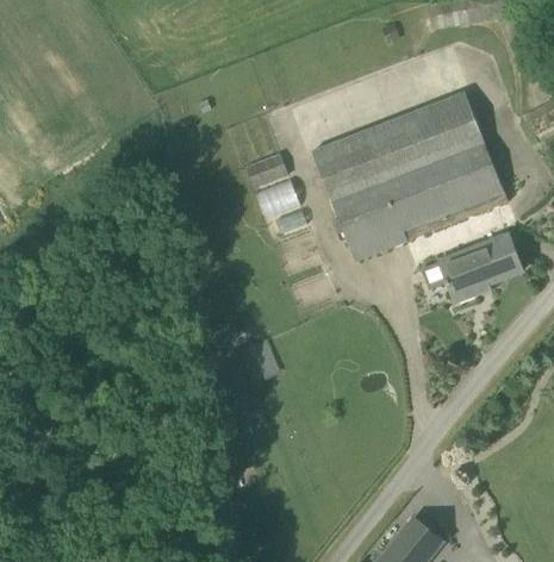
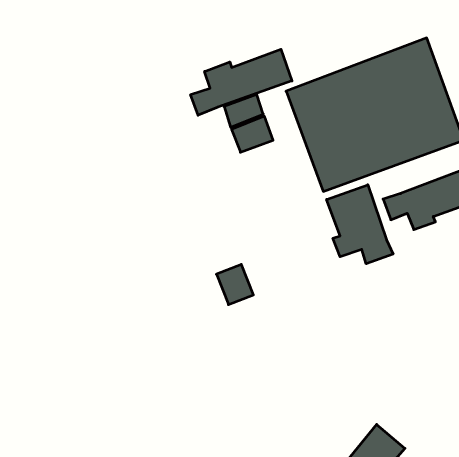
building: none -> [191,49,292,115]
building: none -> [327,185,393,264]

